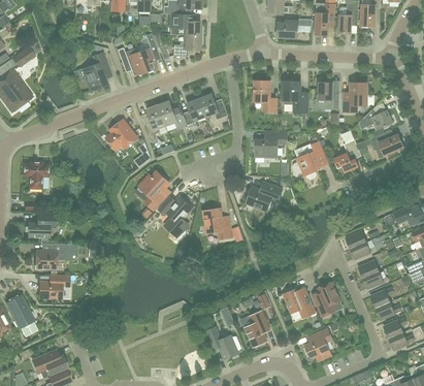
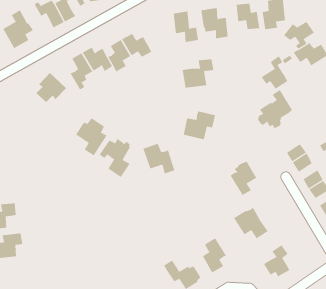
building: [292,140,329,179] -> [257,89,293,128]
building: [313,282,339,316] -> [230,161,257,196]

